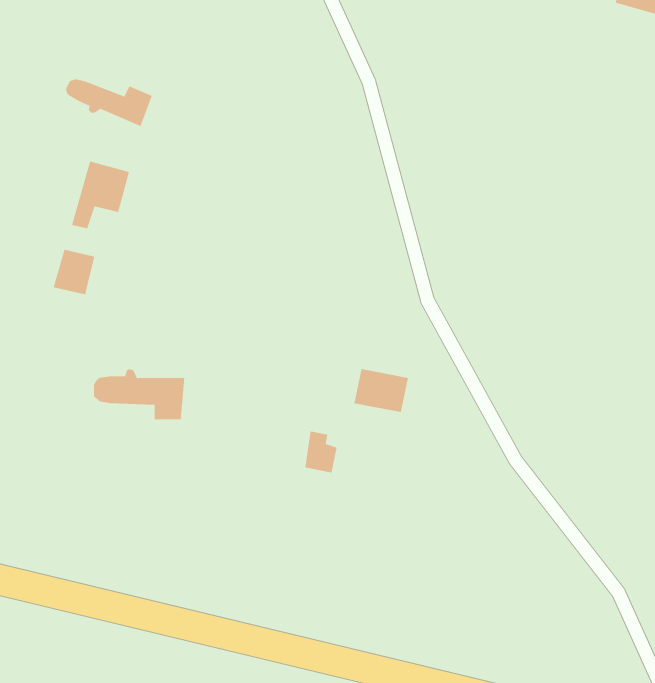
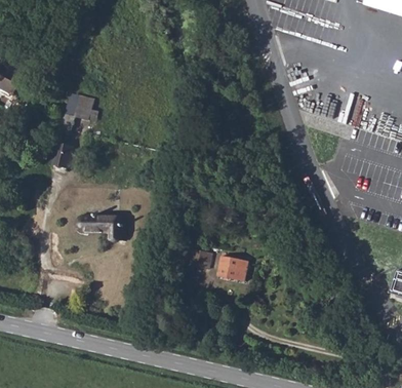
building: [66,78,153,127] -> none
building: [354,369,409,413] -> [216,256,247,280]

